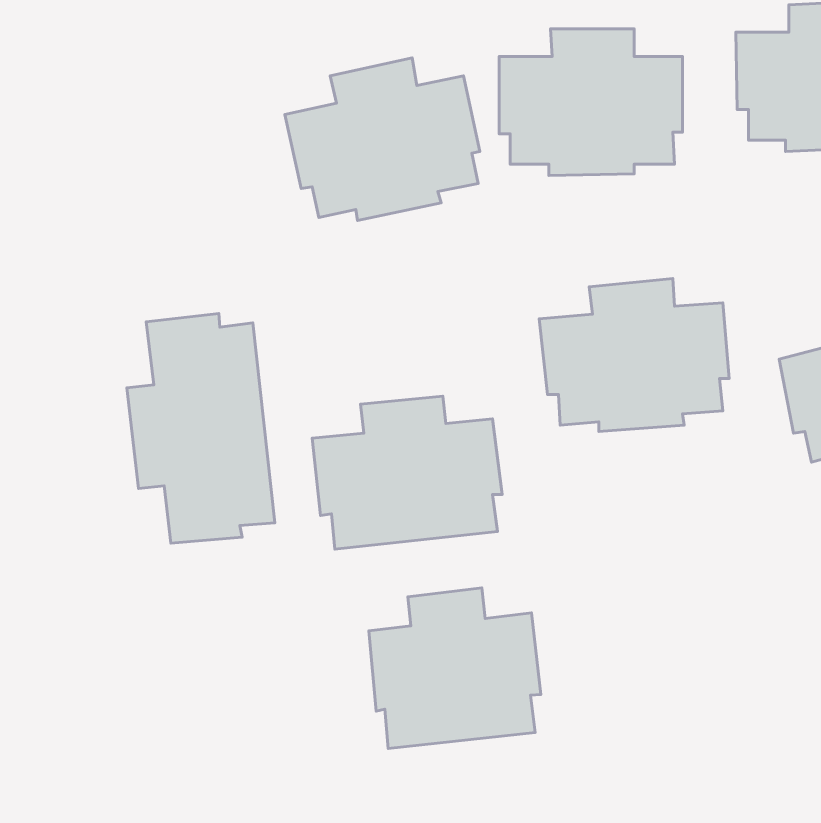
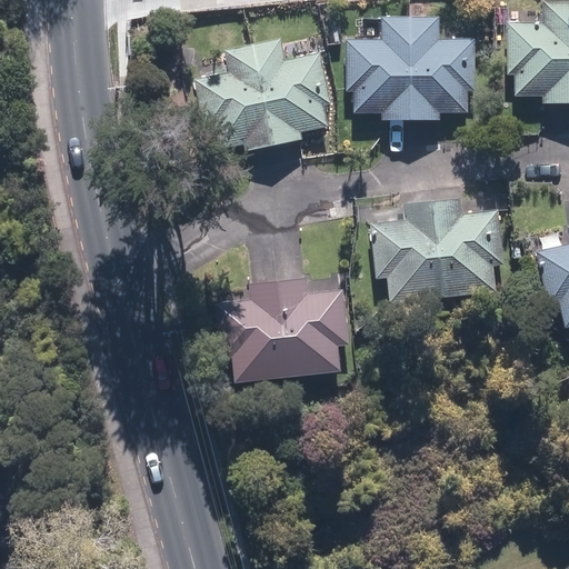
building: [127,313,275,543] -> none
building: [369,588,541,749] -> none

